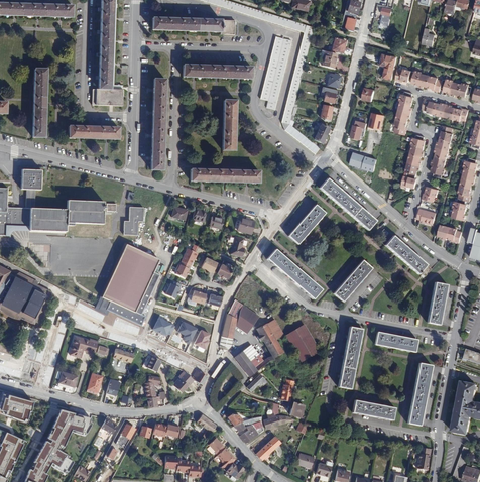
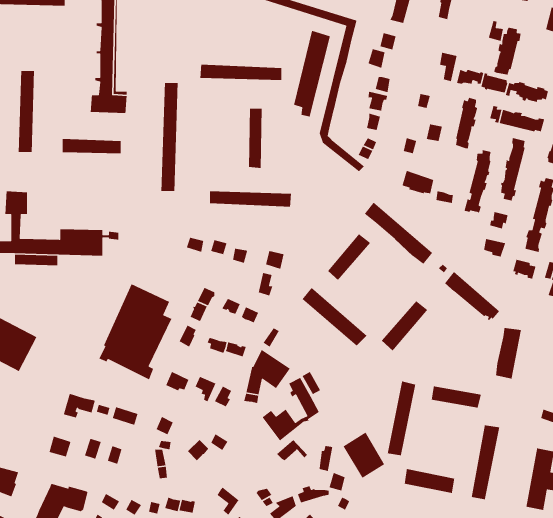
building: [152,16,235,34] -> none
building: none -> [493,27,522,76]
building: [124,206,143,234] -> none
building: [285,323,321,362] -> [343,431,385,479]

